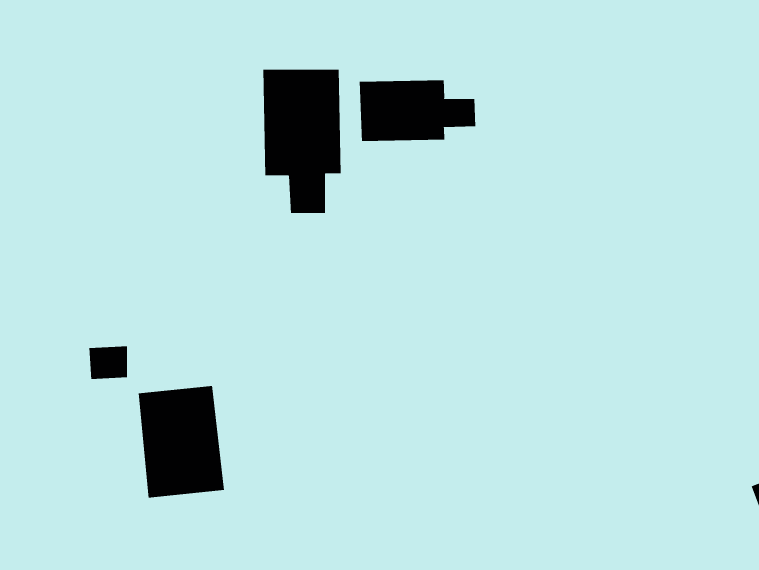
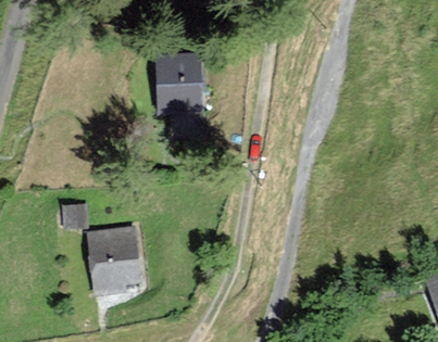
building: [359,79,476,142] -> none

